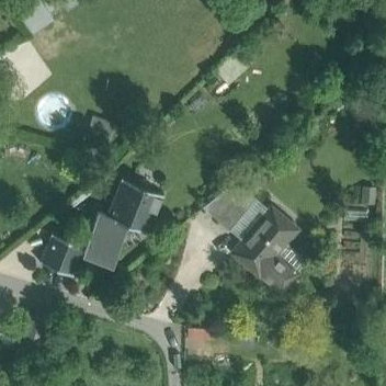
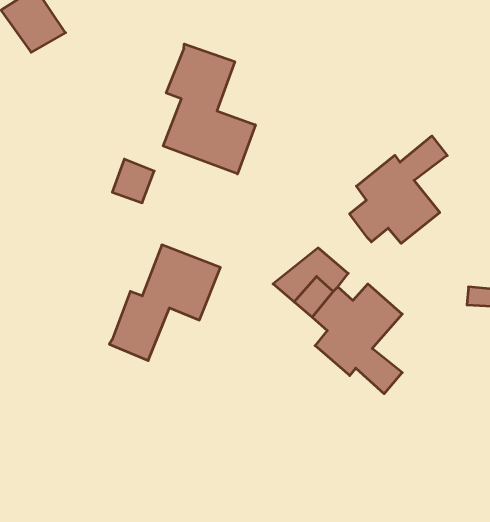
building: none -> [163,44,255,174]
building: none -> [350,136,447,243]
building: [39,236,84,277] -> none

